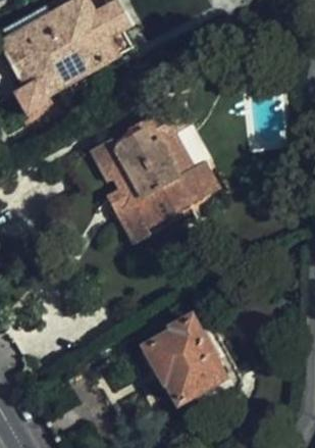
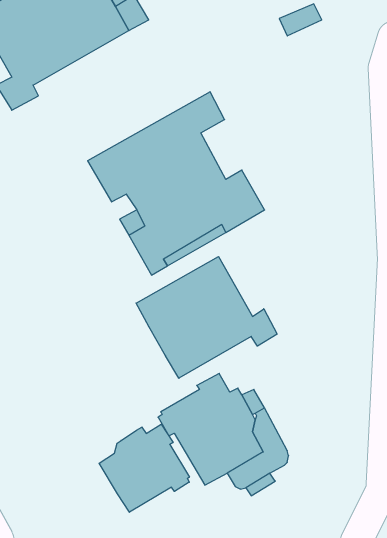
building: none -> [136,257,277,378]
building: none -> [99,424,189,512]

